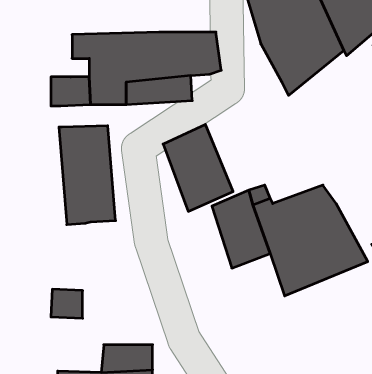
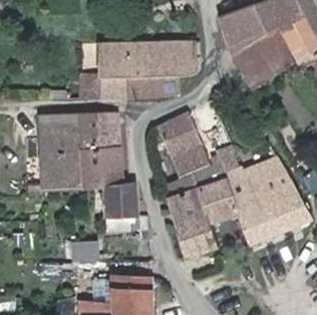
building: none -> [41,114,83,192]
building: none -> [160,175,217,258]
building: none -> [101,184,136,220]

